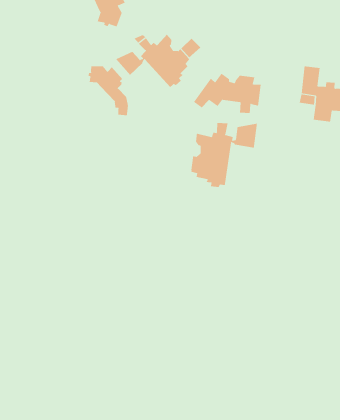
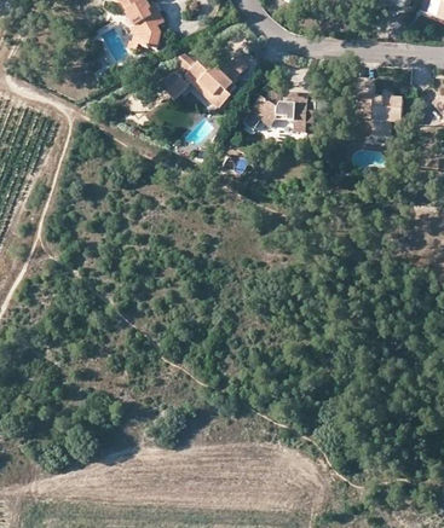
building: [88,66,128,116] -> none
building: [191,122,257,188] -> none

